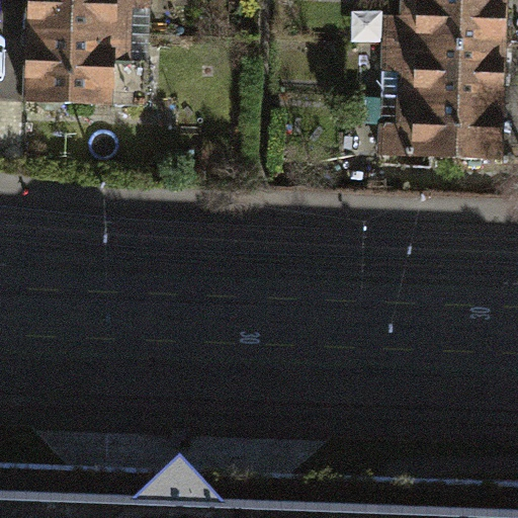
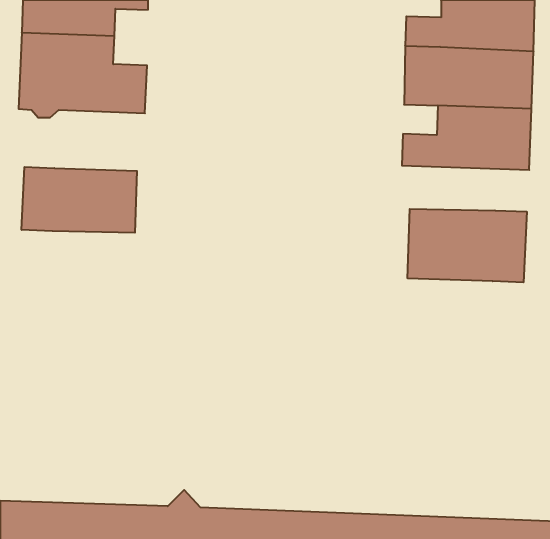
building: none -> [22,167,137,233]
building: none -> [408,209,527,282]

